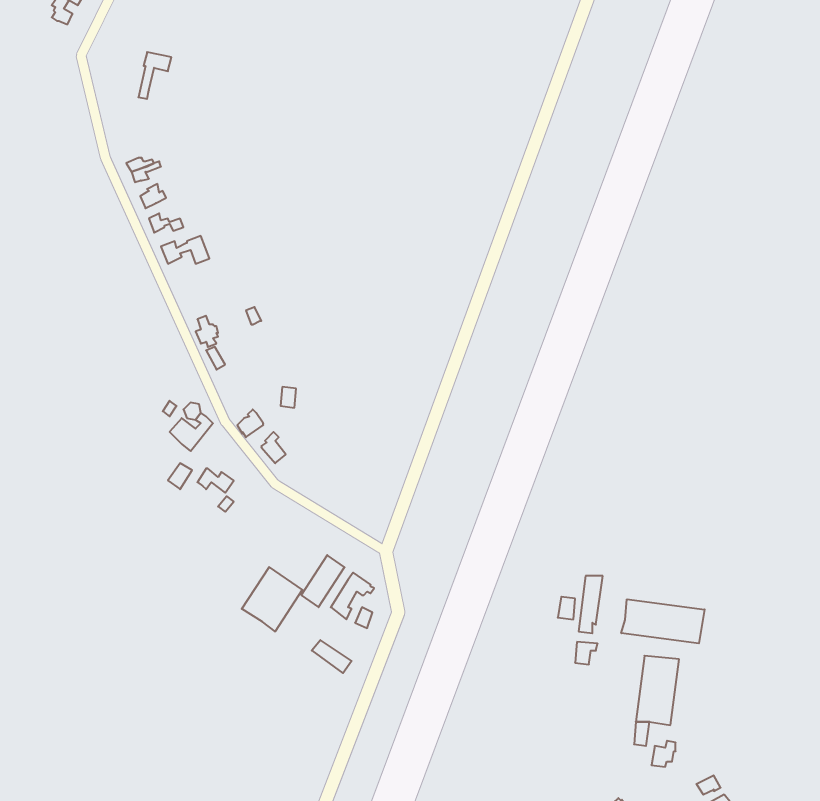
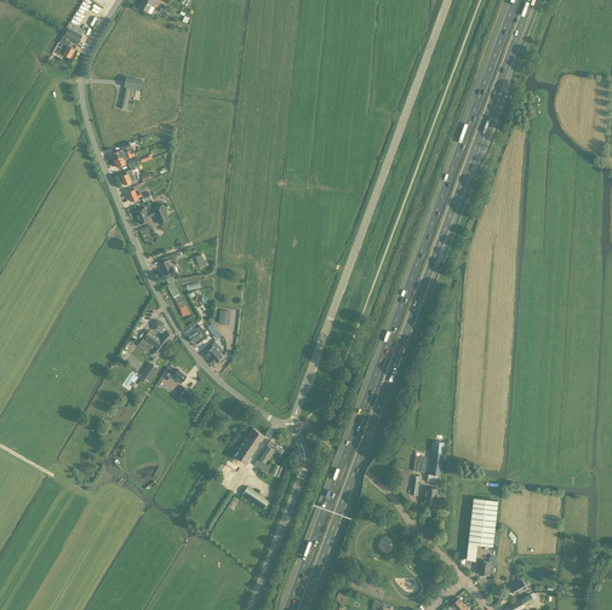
building: [242,567,302,632] -> none
building: [621,599,705,643] -> none

